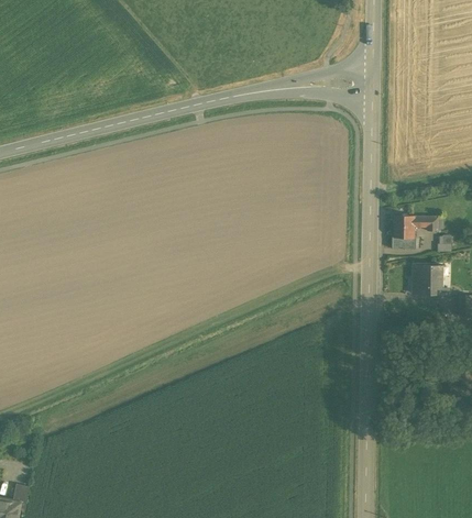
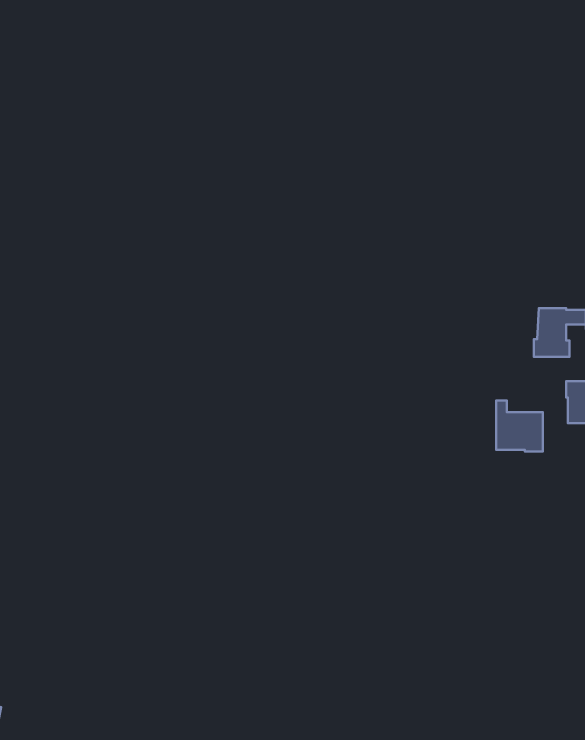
building: none -> [496,401,543,452]

